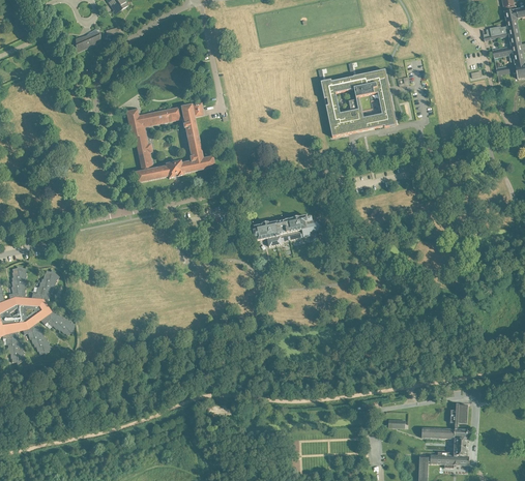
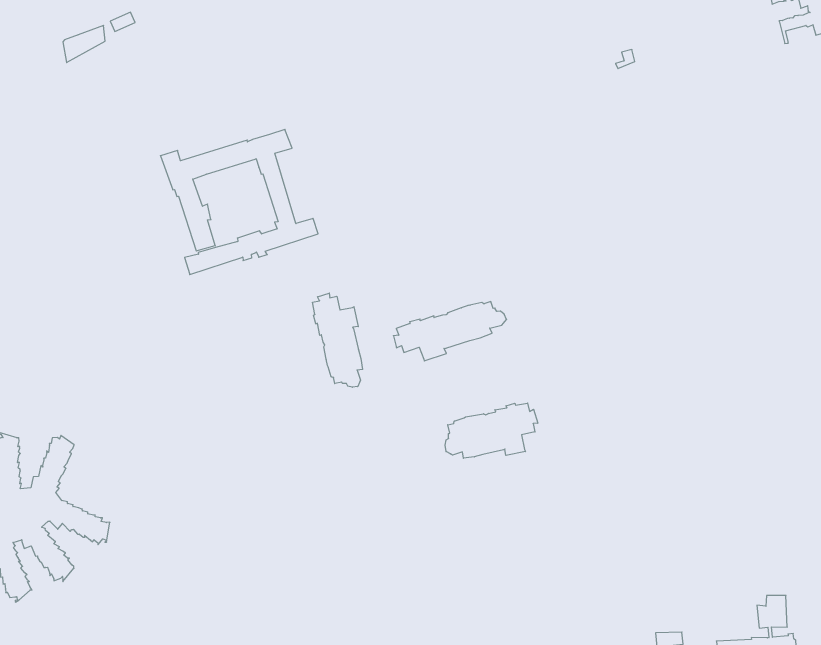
building: [320,70,397,138] -> none
building: none -> [313,293,363,387]
building: none -> [445,403,538,458]

